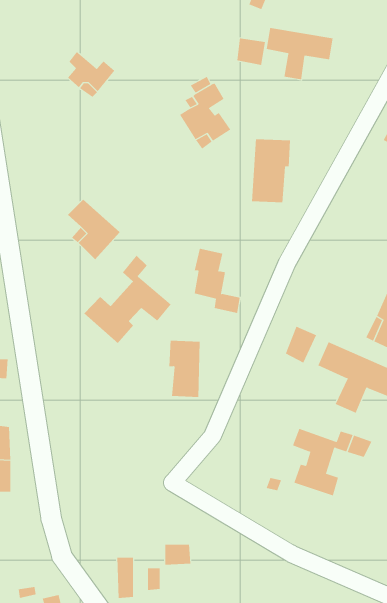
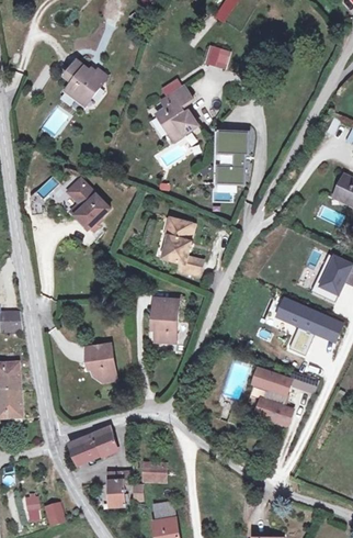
building: [266,27,333,80] -> none
building: [84,255,171,344] -> none
building: [285,326,317,363] -> none
building: none -> [88,345,114,381]
building: none -> [68,430,111,459]

